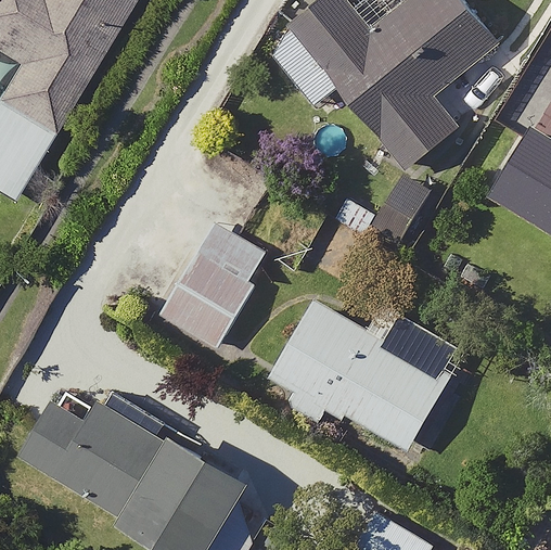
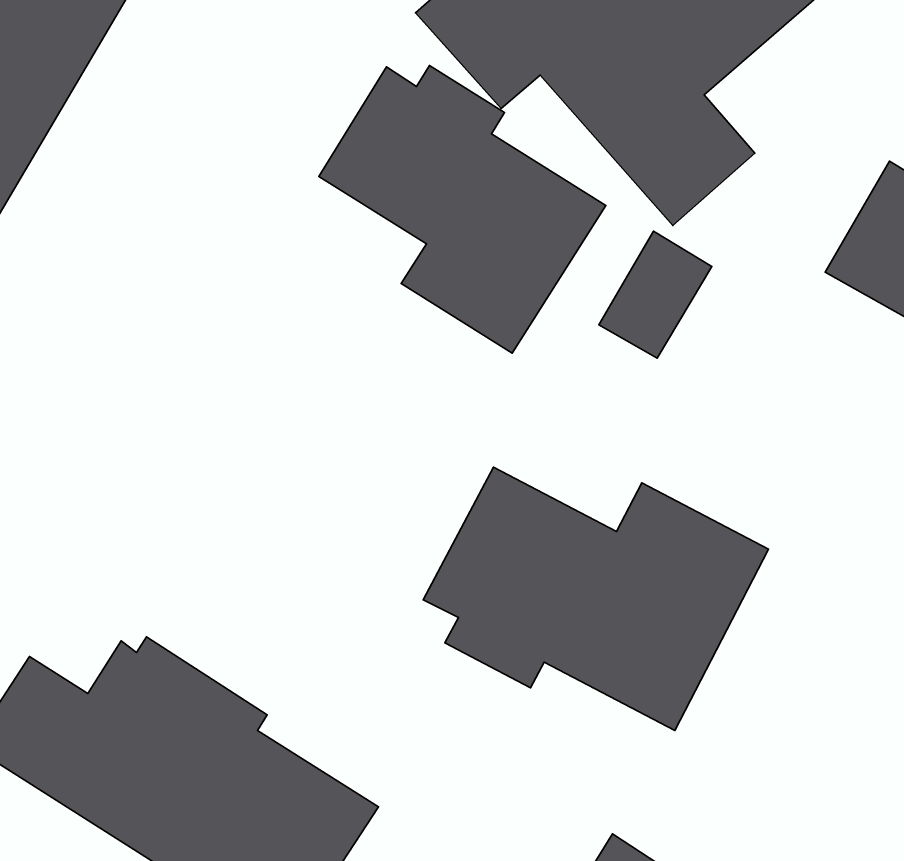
building: none -> [319,65,606,353]
building: [159,221,272,346] -> none

